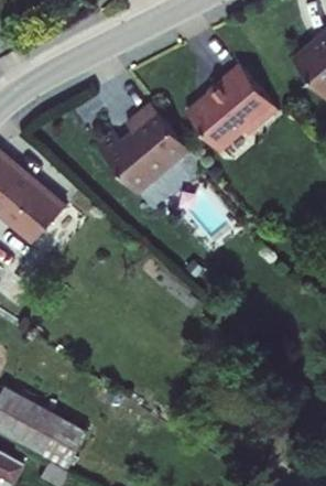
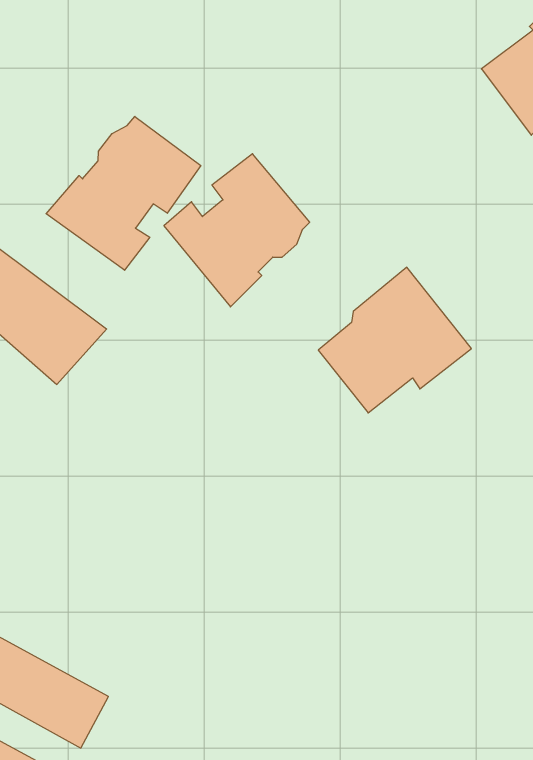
building: [186,56,278,143] -> [318,267,471,413]
building: none -> [46,116,201,270]

